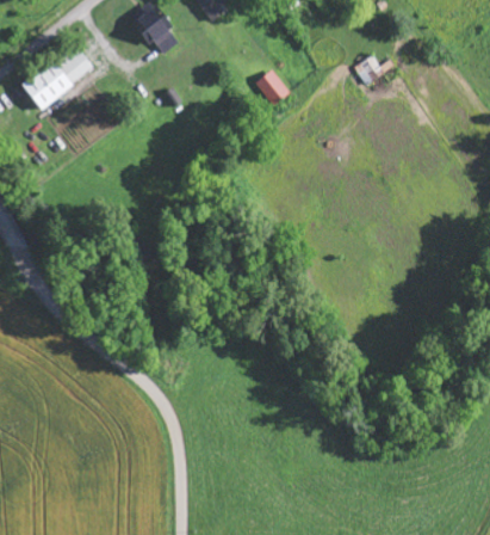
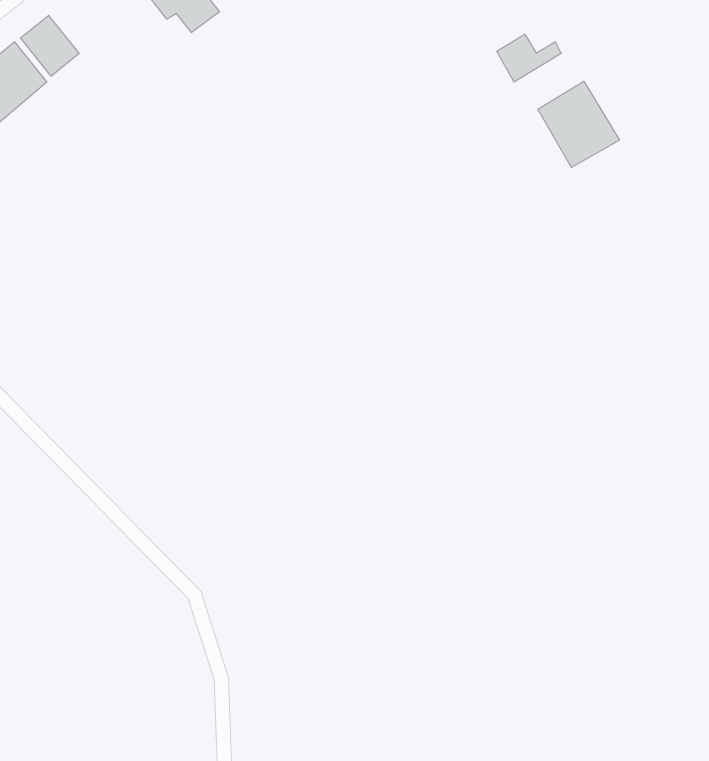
building: [255,69,291,106] -> none
building: none -> [538,81,619,167]

